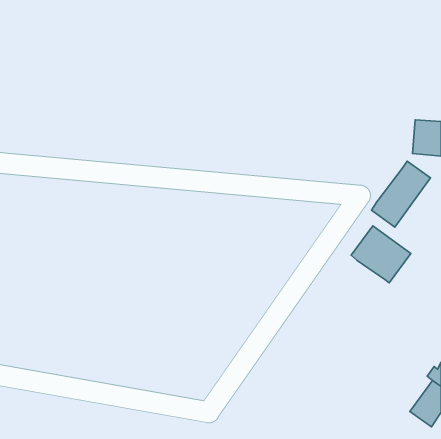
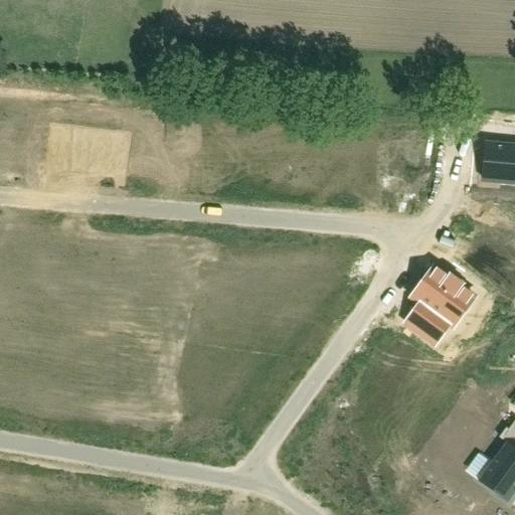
building: [371,161,431,227] -> none
building: none -> [403,304,449,346]

